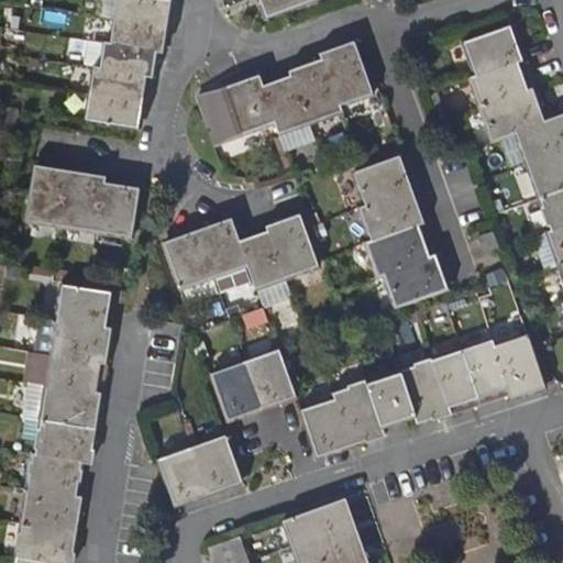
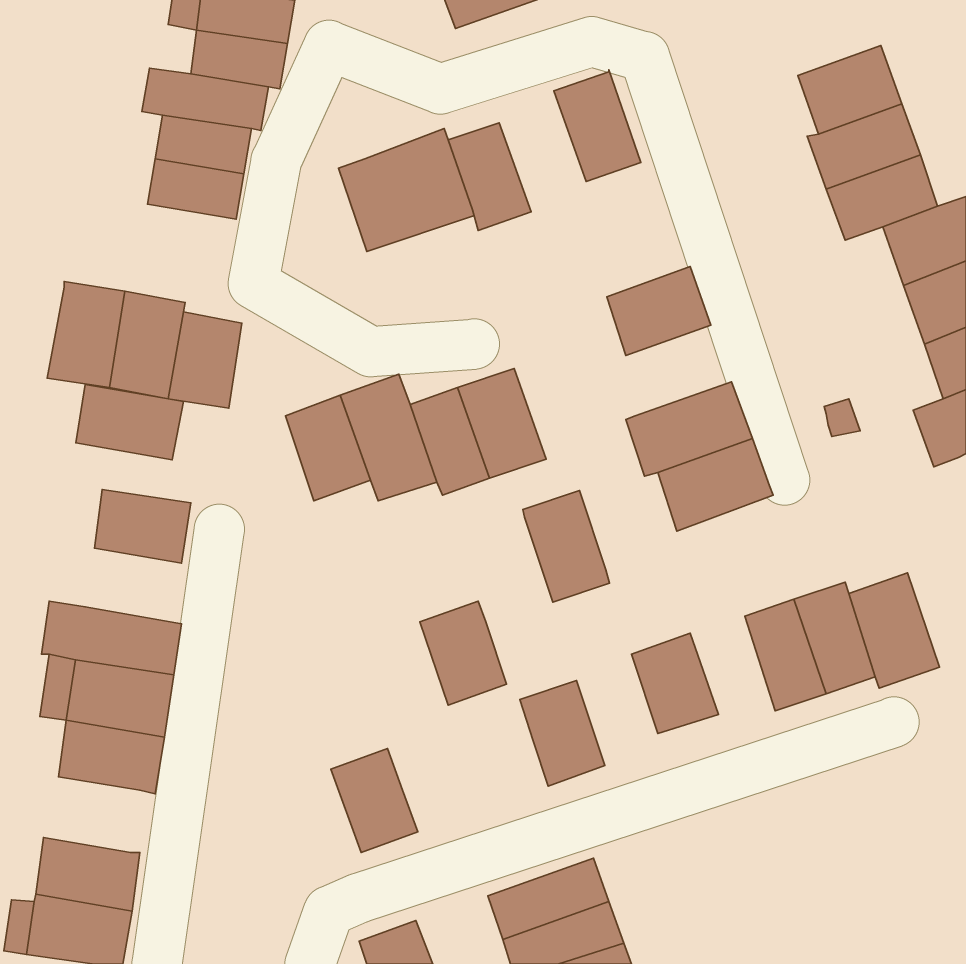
building: [290,59,342,123] -> none
building: [358,189,426,242] -> none
building: [49,319,112,363] -> [76,384,183,460]
building: [401,358,451,423] -> none
building: [212,362,261,421] -> none
building: [334,380,385,445] -> [523,491,610,602]
building: [159,448,210,507] -> none
building: [25,452,81,496] -> none

